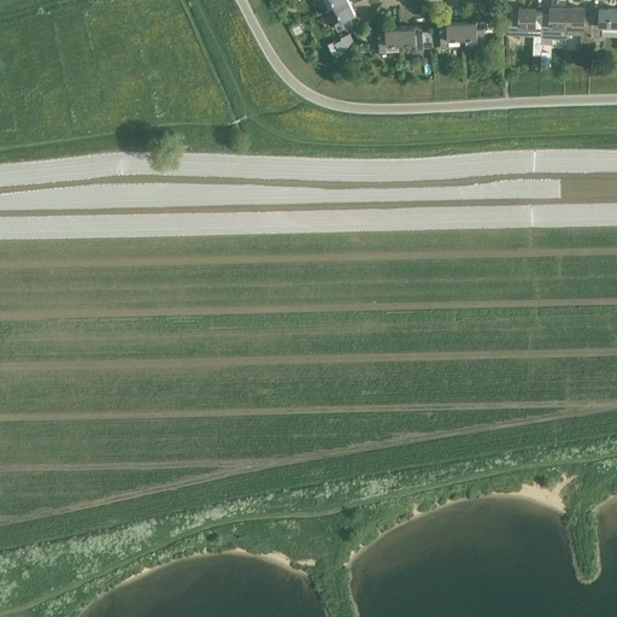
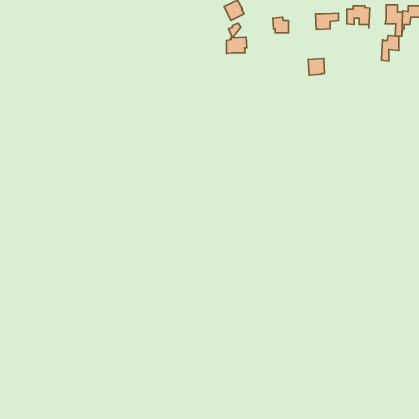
building: [542,7,568,45] -> [382,36,399,61]
building: [441,22,465,46] -> [308,59,325,75]
building: [372,28,402,52] -> [226,37,247,54]

